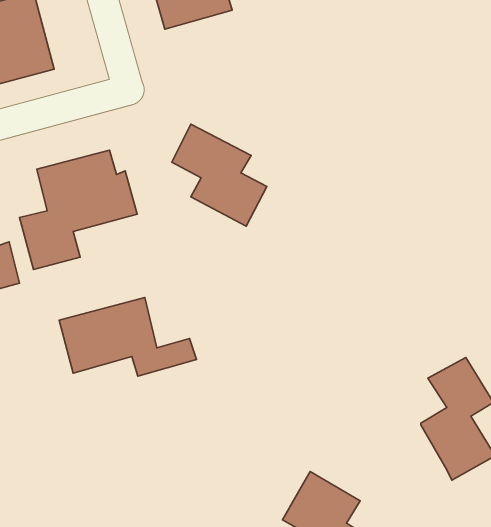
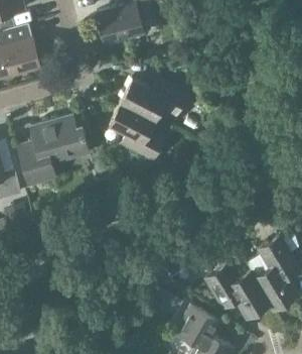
building: none -> [121,78,188,120]
building: [59,297,197,376] -> none
building: none -> [204,265,270,318]

